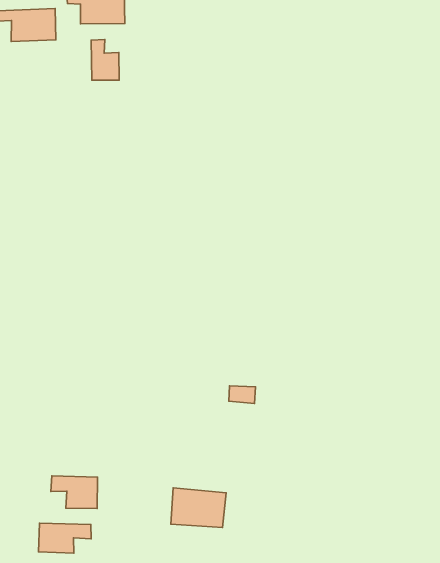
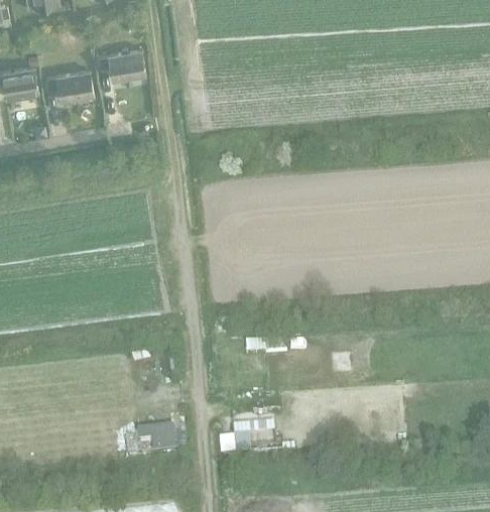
building: [91,39,119,80] -> none
building: [38,523,91,553] -> none

